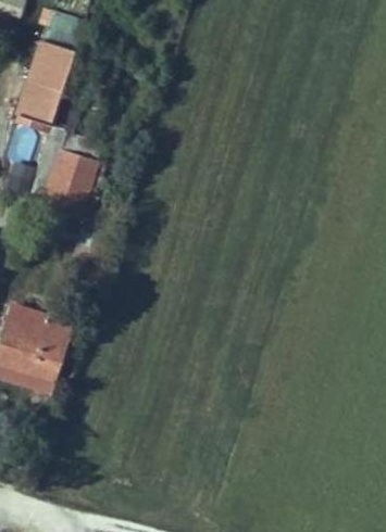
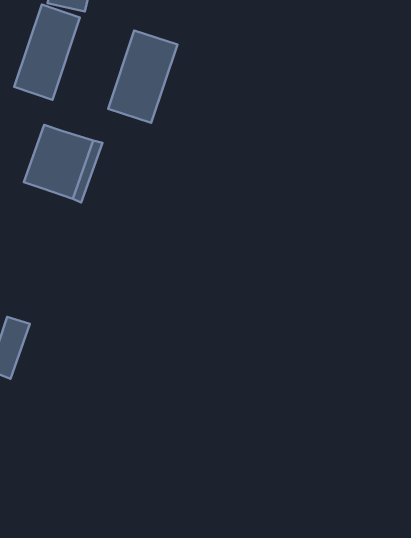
building: none -> [108,30,177,123]
building: [12,318,70,392] -> none

